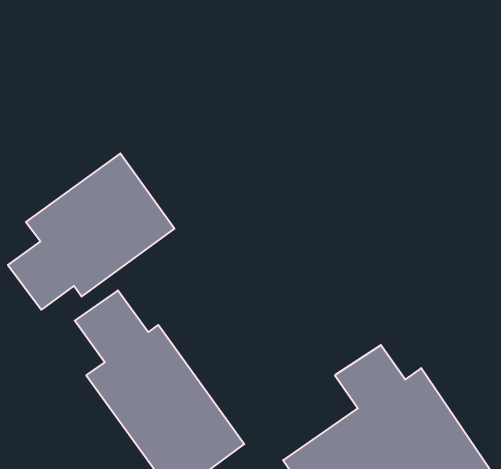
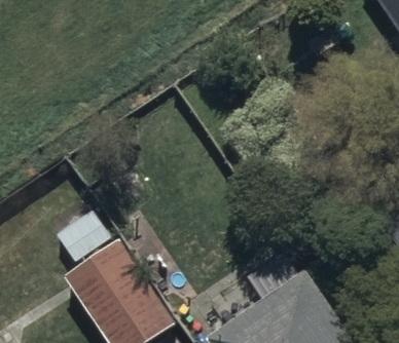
building: [8,153,174,310] -> none

